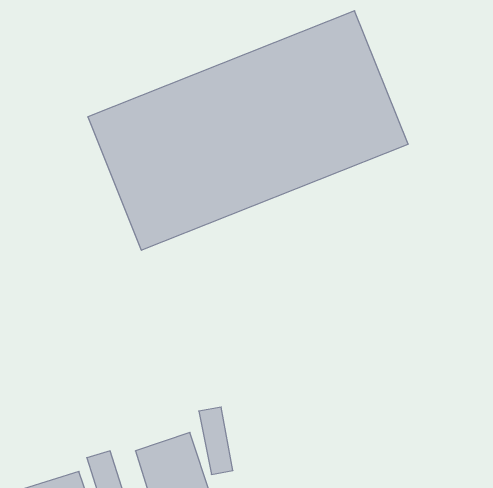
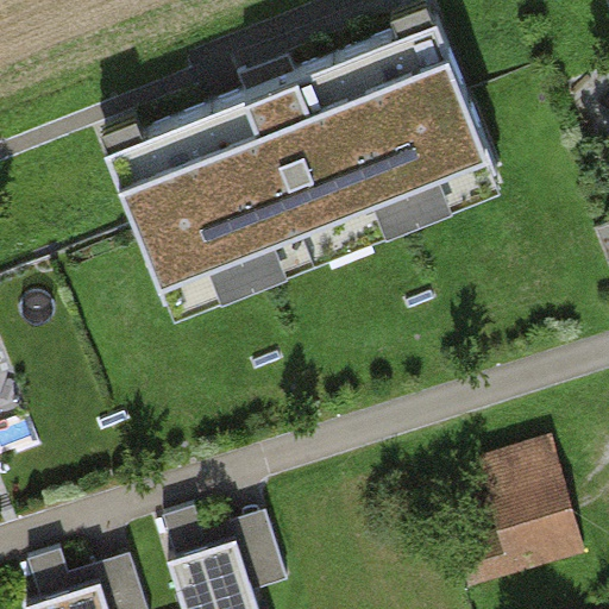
building: none -> [479,444,579,561]

